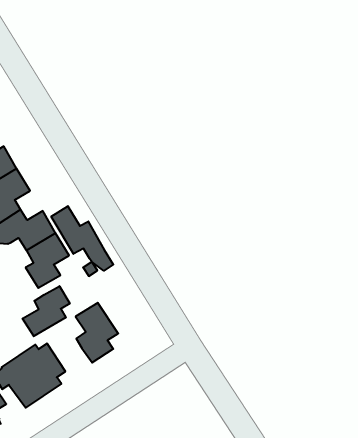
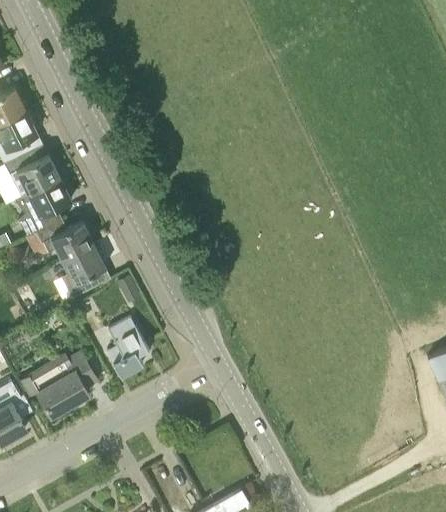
building: [51,206,113,271] -> none
building: [23,286,70,336] -> none

